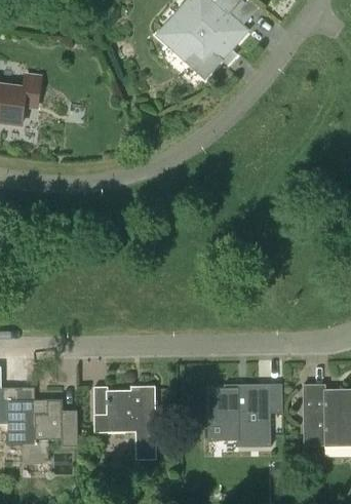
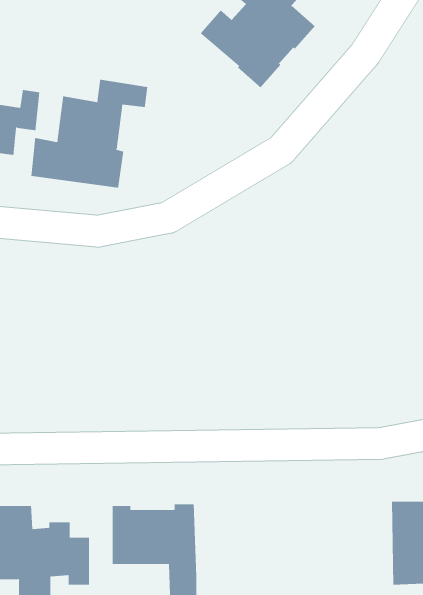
building: none -> [31,79,148,189]
building: [208,385,270,447] -> none

